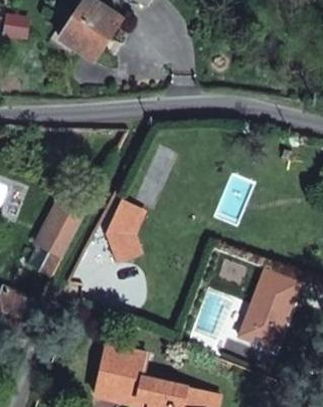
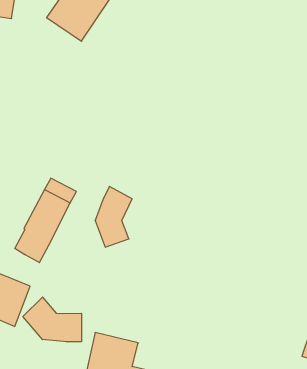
building: [238,265,301,347] -> none
building: none -> [23,297,81,342]

